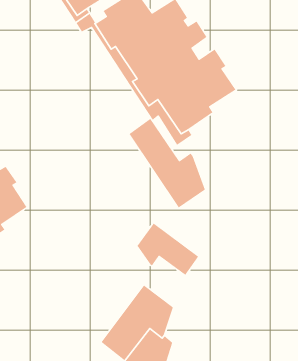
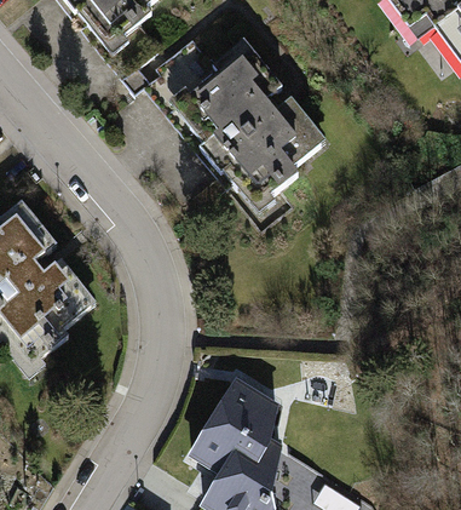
building: [129,118,206,209] -> none
building: [136,222,199,276] -> none

